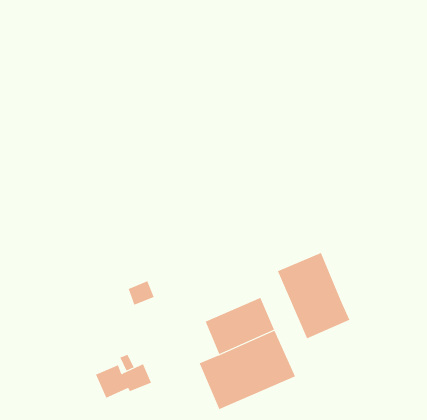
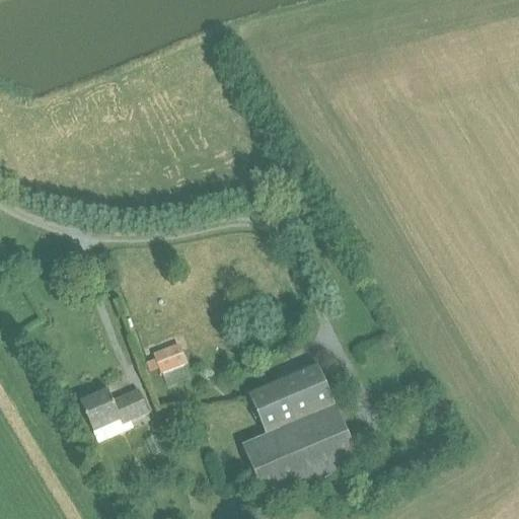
building: [277,252,350,339] -> none
building: [95,364,152,399] -> [80,387,149,430]

